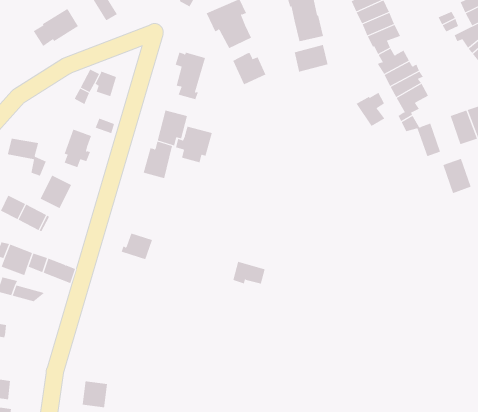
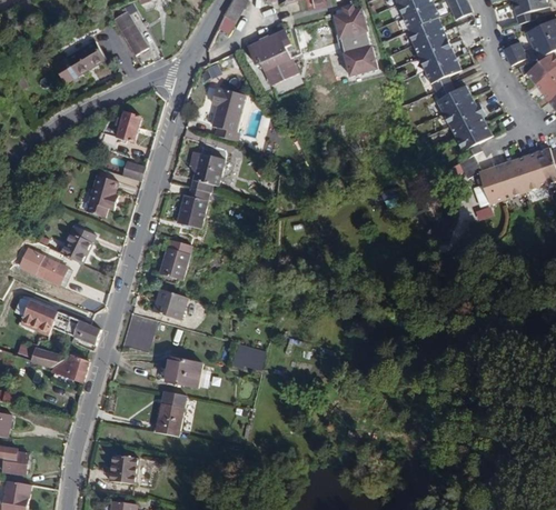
building: [294,44,328,72] -> none
building: [232,52,266,85] -> none
building: [356,92,385,127] -> none
building: [176,126,212,163] -> none
building: [7,138,47,176] -> none
building: [443,158,472,194] -> [496,159,528,199]
building: none -> [159,239,191,280]
building: none -> [125,314,157,350]
building: [232,261,265,284] -> [230,343,267,369]
building: none -> [49,353,89,381]
building: none -> [166,353,202,387]
building: none -> [153,390,186,436]

